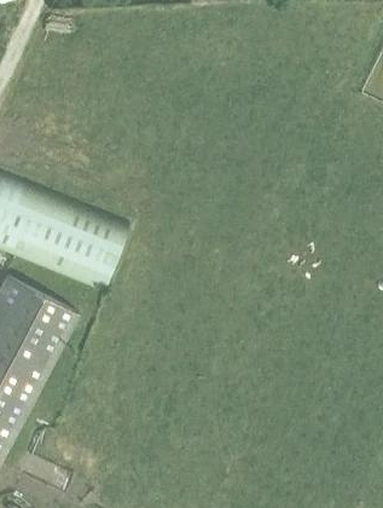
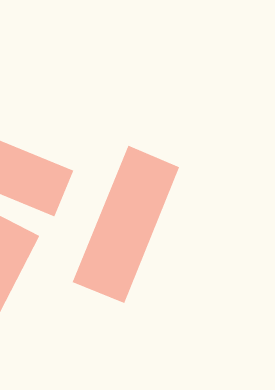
building: none -> [72,145,180,304]

